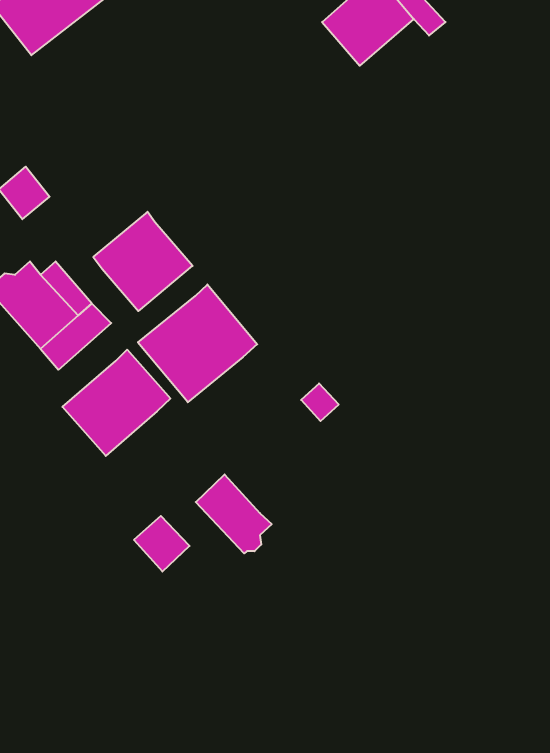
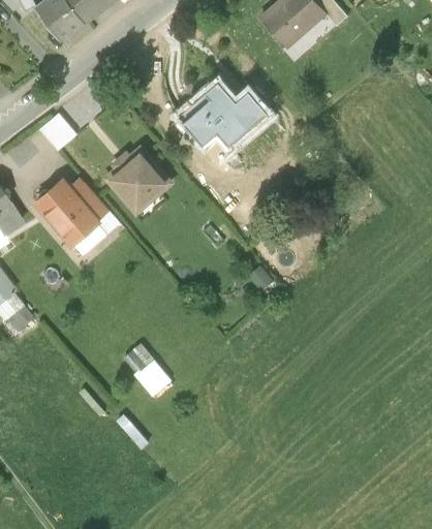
building: none -> [179,81,269,152]
building: [138,284,257,402] -> none
building: [62,350,170,456] -> none
building: [196,474,272,553] -> none

